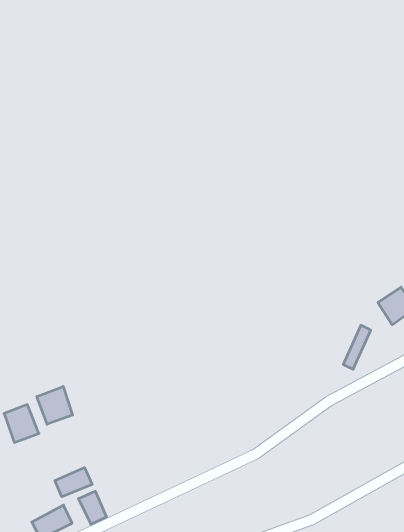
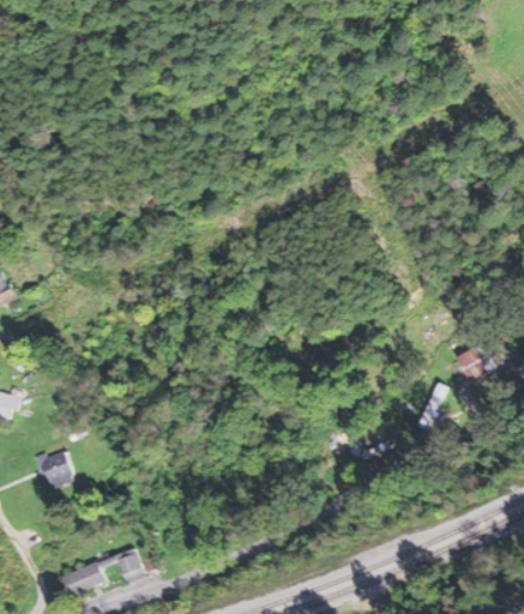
building: [37,386,73,424] -> none
building: [55,468,92,497] -> none

